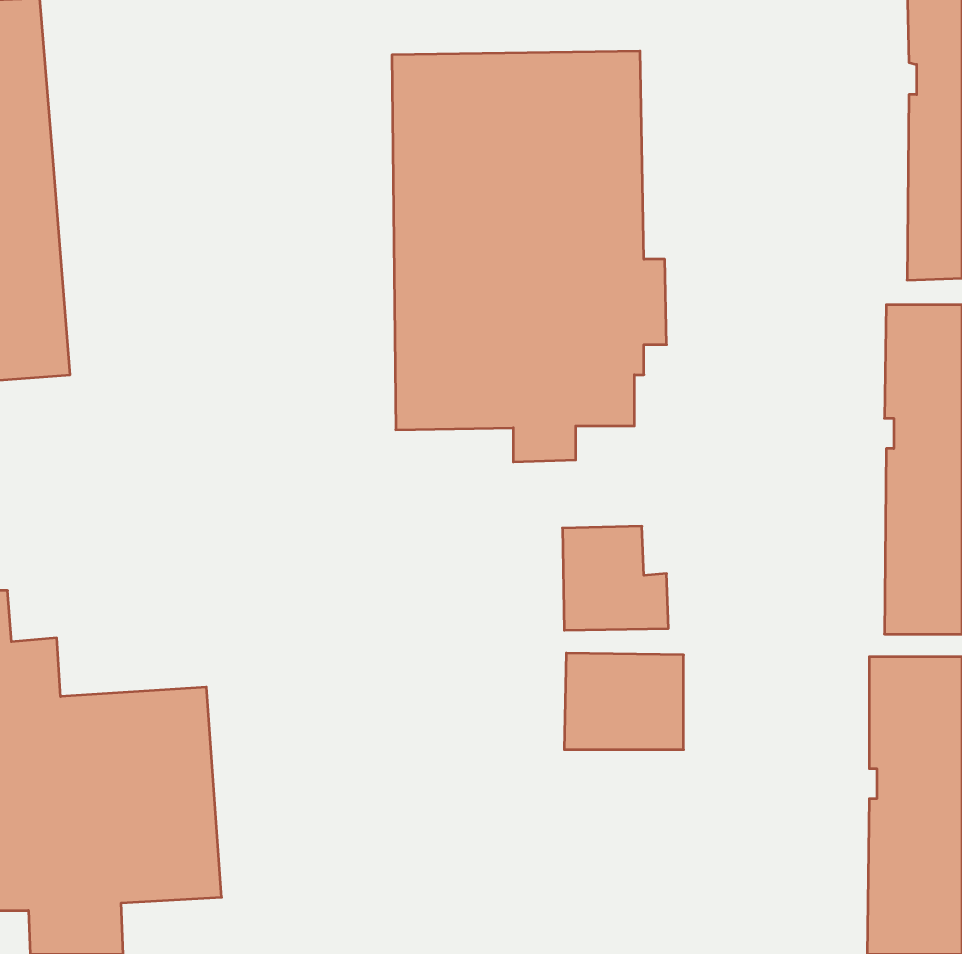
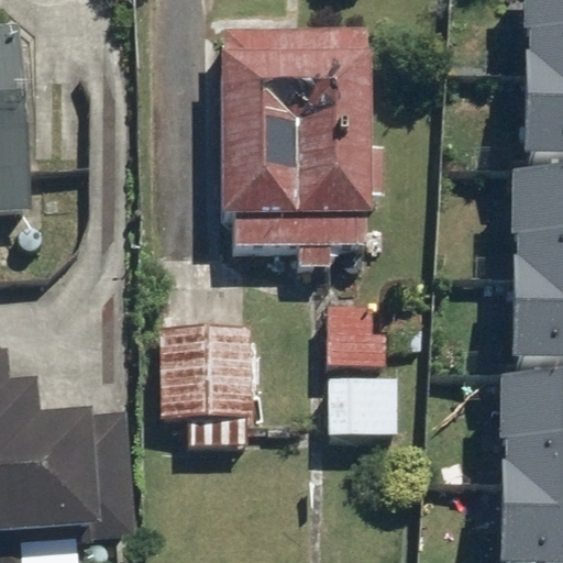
building: none -> [158,325,253,446]

